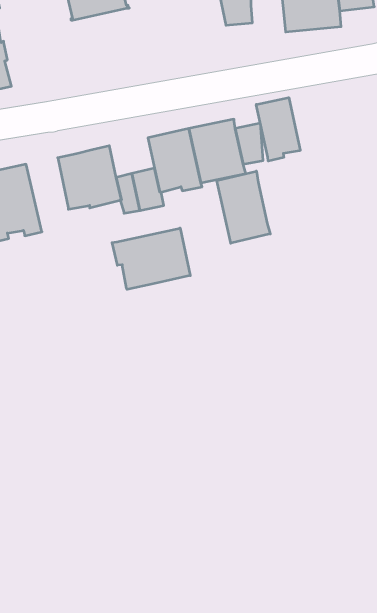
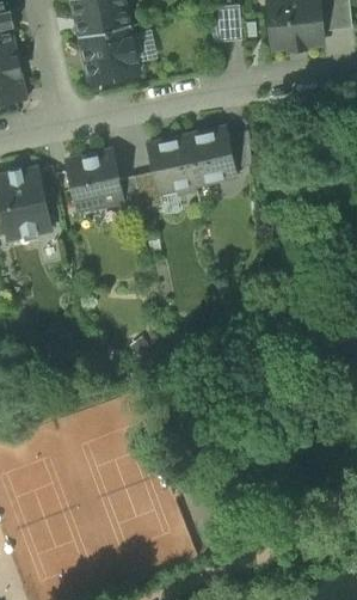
building: none -> [79,26,137,82]
building: [256,98,300,161] -> none
building: [217,171,270,243] -> none
building: [112,228,190,289] -> none

